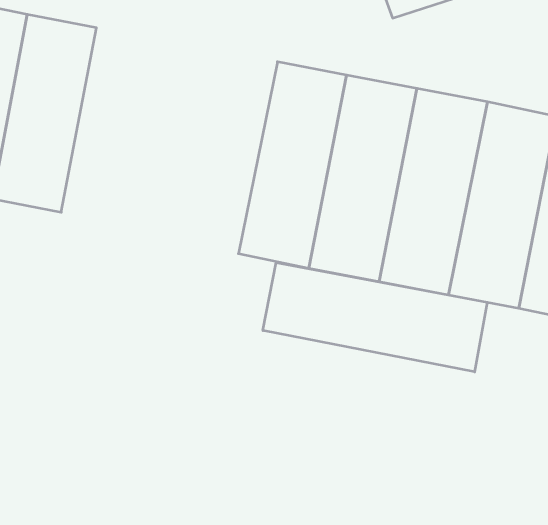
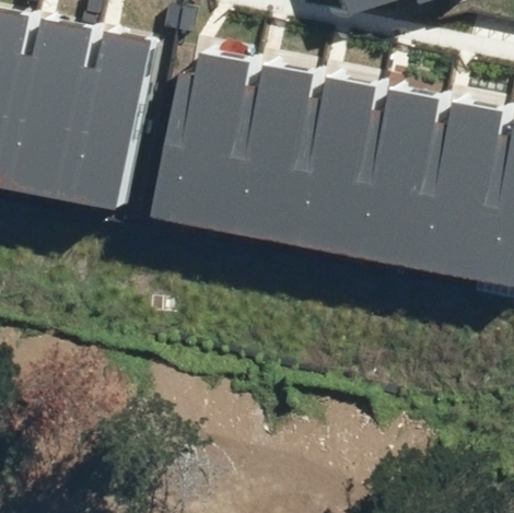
building: none -> [56,28,151,207]
building: none -> [153,46,250,232]
building: [263,262,487,372] -> none

